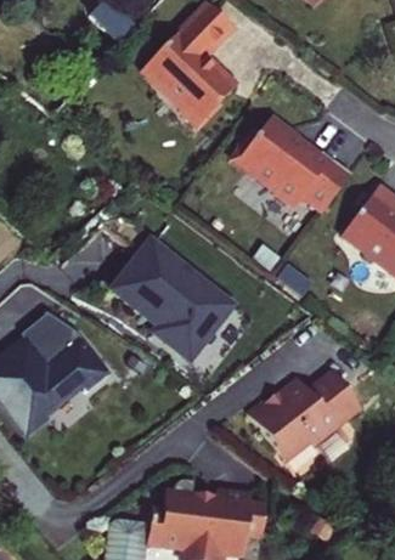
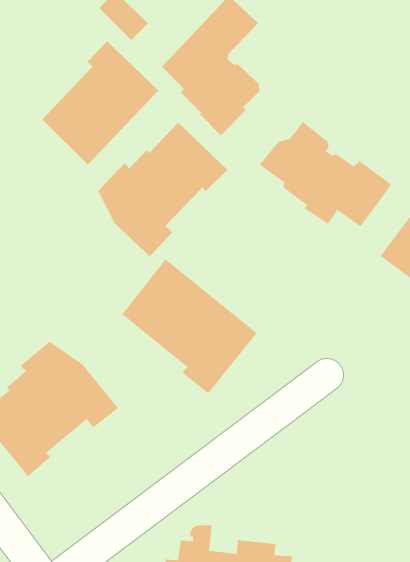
building: none -> [41,40,159,165]
building: none -> [98,122,228,257]
building: [247,370,361,459] -> none

